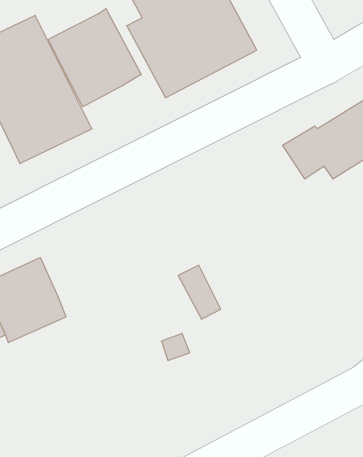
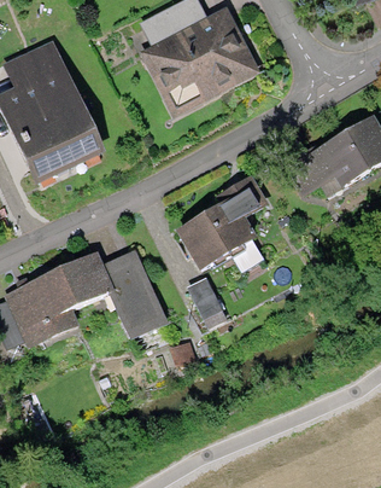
building: [48,9,141,107] -> none
building: none -> [175,173,268,271]
building: none -> [57,250,166,338]

